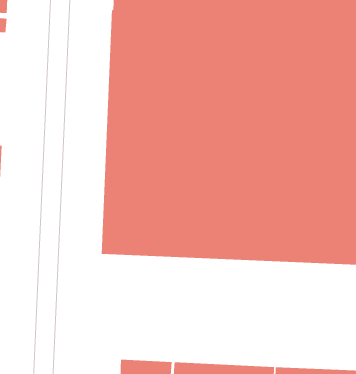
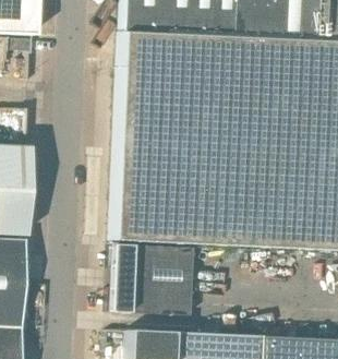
building: none -> [110,246,195,316]

